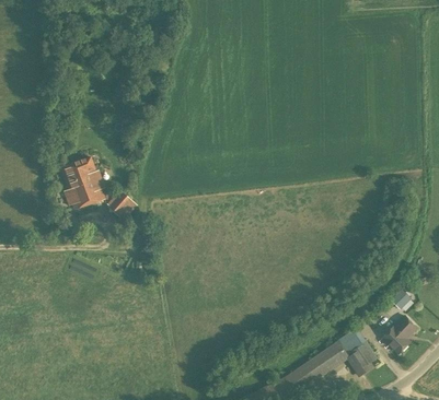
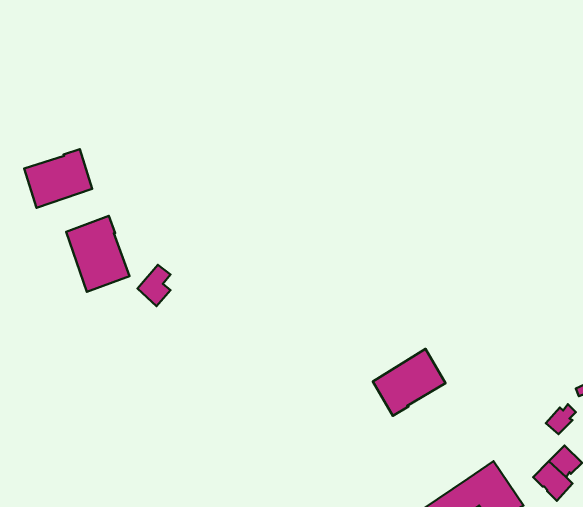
building: none -> [24,149,92,208]
building: none -> [373,349,446,416]

